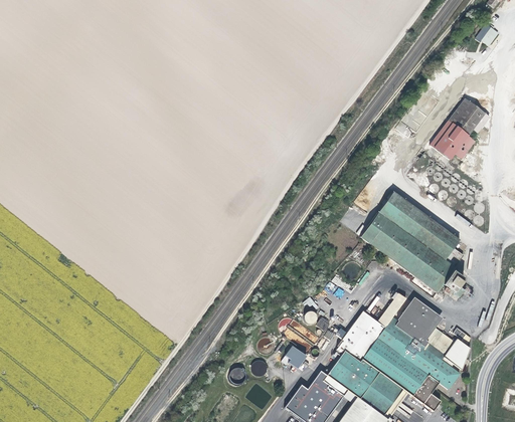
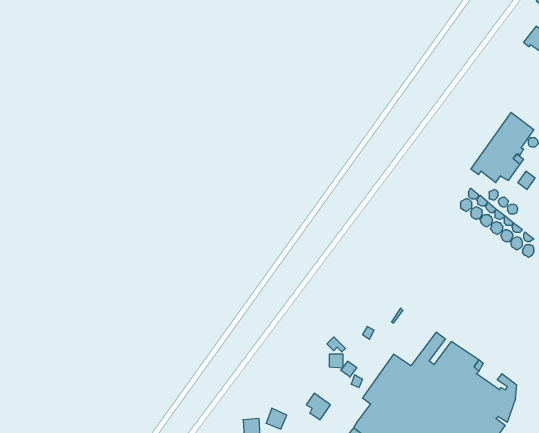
building: [359,193,466,296] -> none

